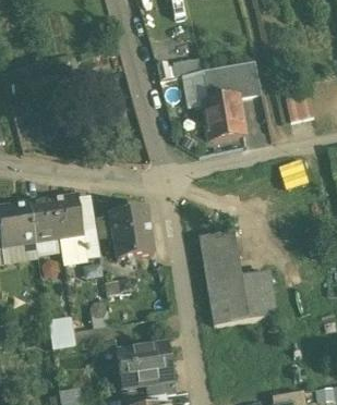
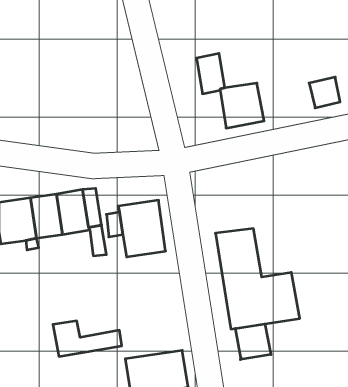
building: [203,61,262,101] -> none
building: [59,232,87,260] -> none
building: none -> [235,324,271,360]

